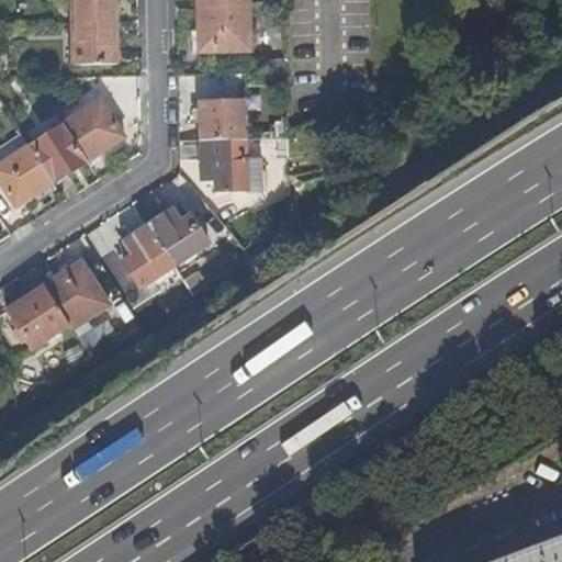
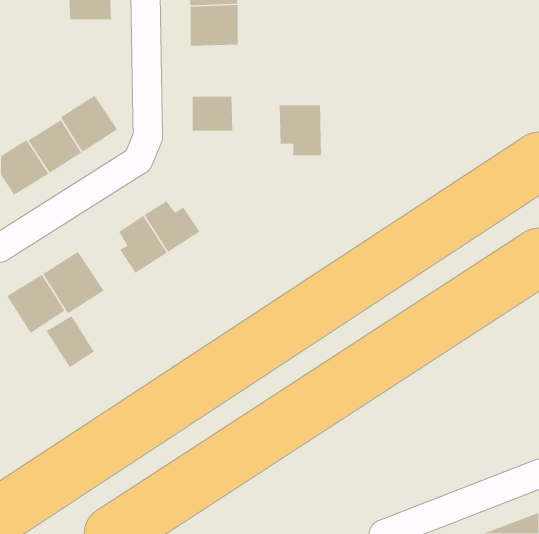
building: [72,21,116,63] -> none
building: [200,137,245,191] -> [279,104,322,156]
building: none -> [45,315,95,368]

